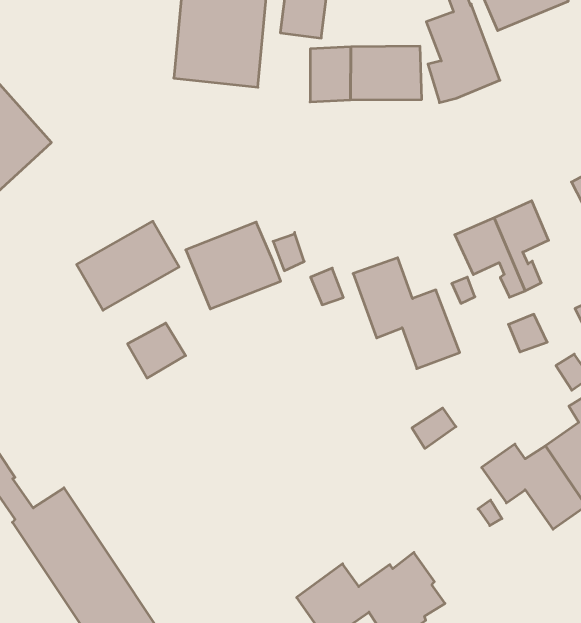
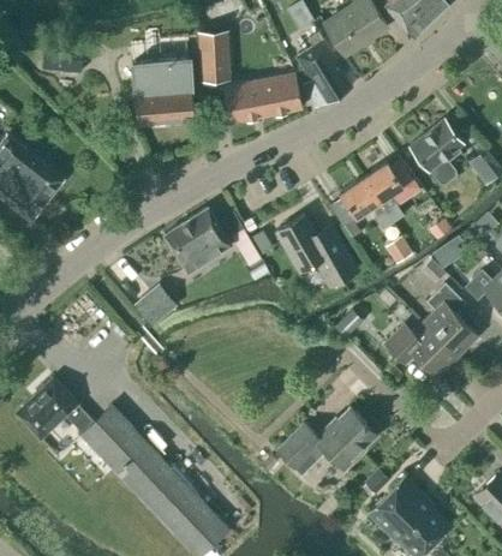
building: [77,221,179,310] -> none

